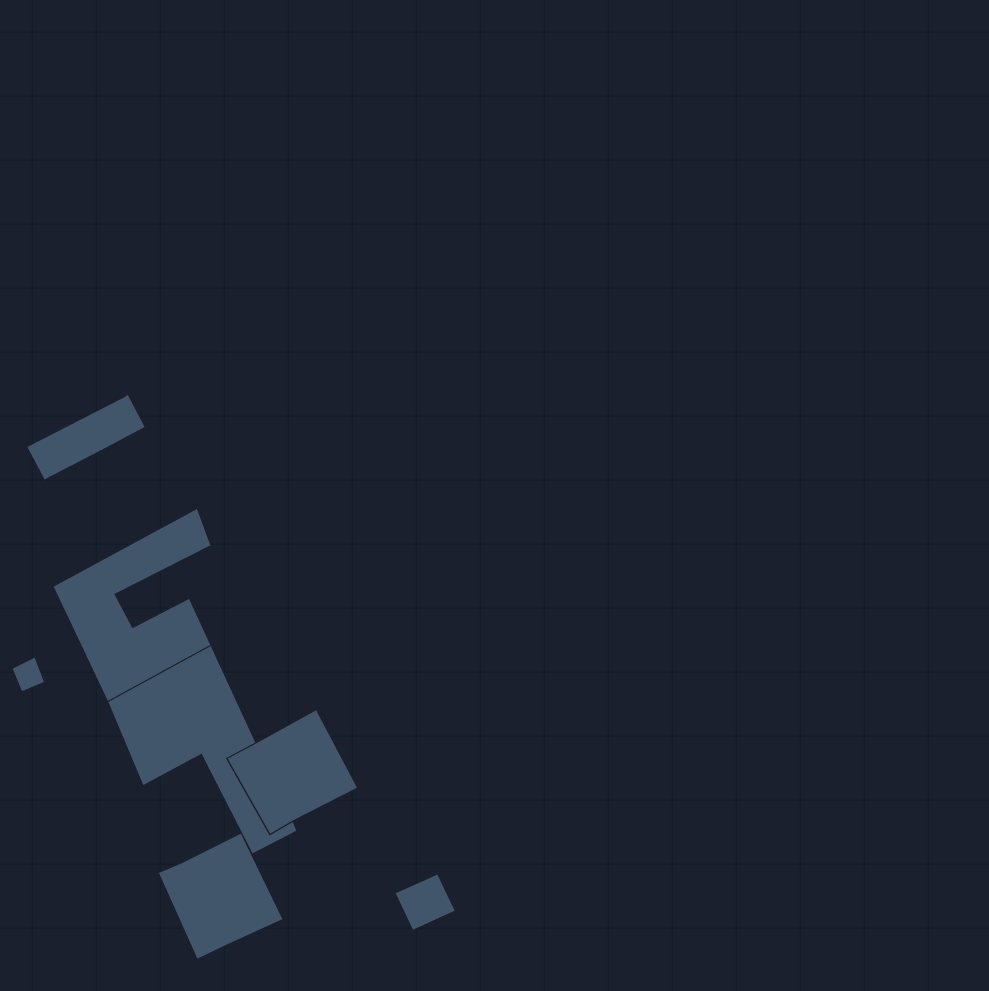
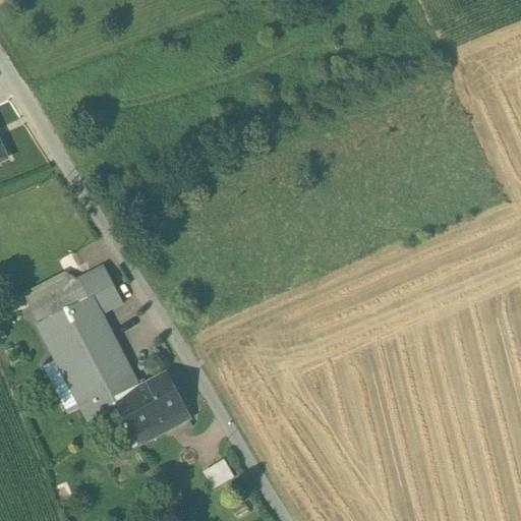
building: [26,394,146,480] -> [65,282,127,327]
building: [158,833,283,960] -> none

